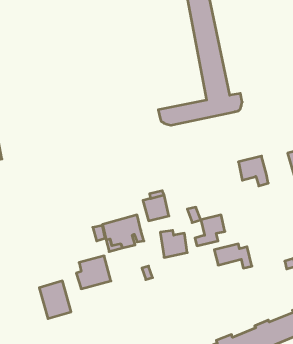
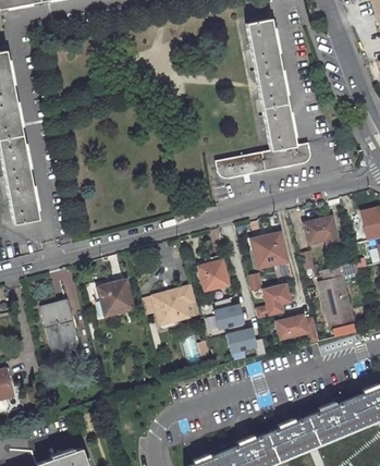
building: none -> [253,233,287,266]
building: none -> [321,261,359,326]
building: none -> [228,327,261,354]
building: [76,256,111,289] -> [95,279,134,316]
building: [39,281,71,319] -> [42,305,78,347]

